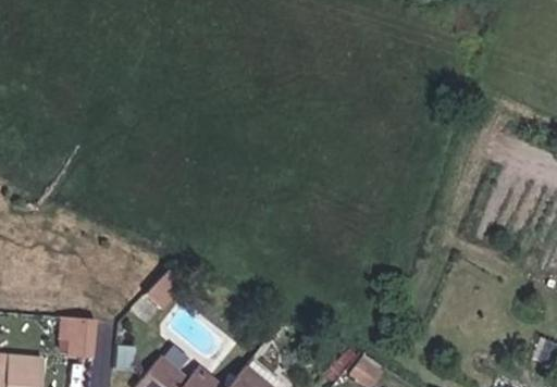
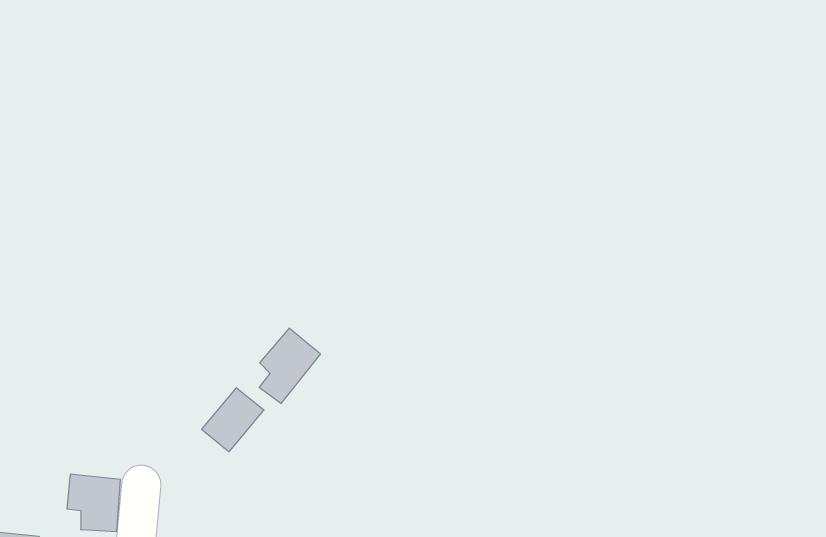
building: none -> [259,328,320,404]

